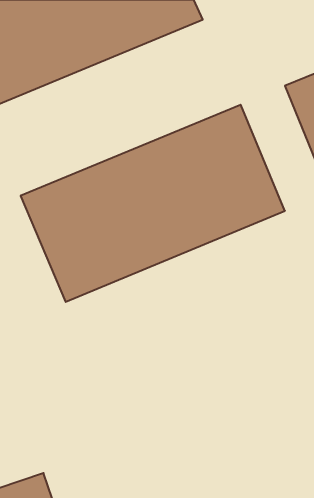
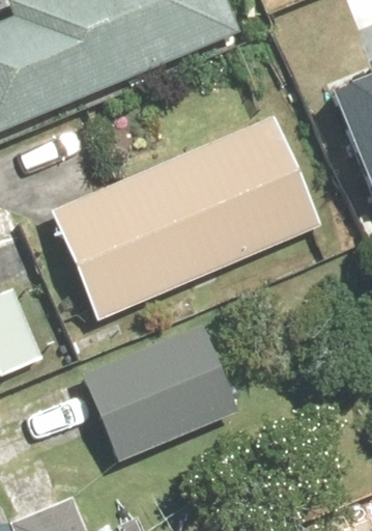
building: none -> [85,322,235,456]

